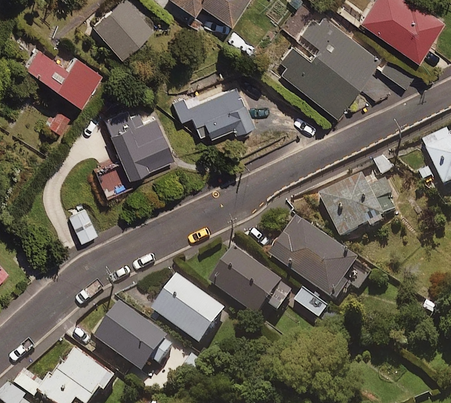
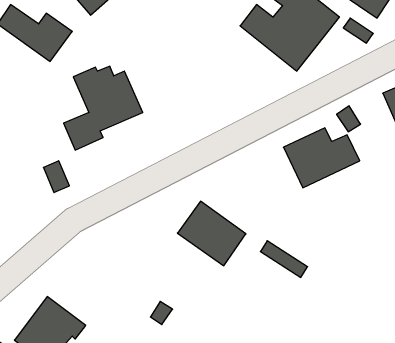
building: [173,73,253,142] -> none
building: [271,220,372,304] -> none
building: [153,278,226,346] -> none
building: [96,306,168,374] -> none

